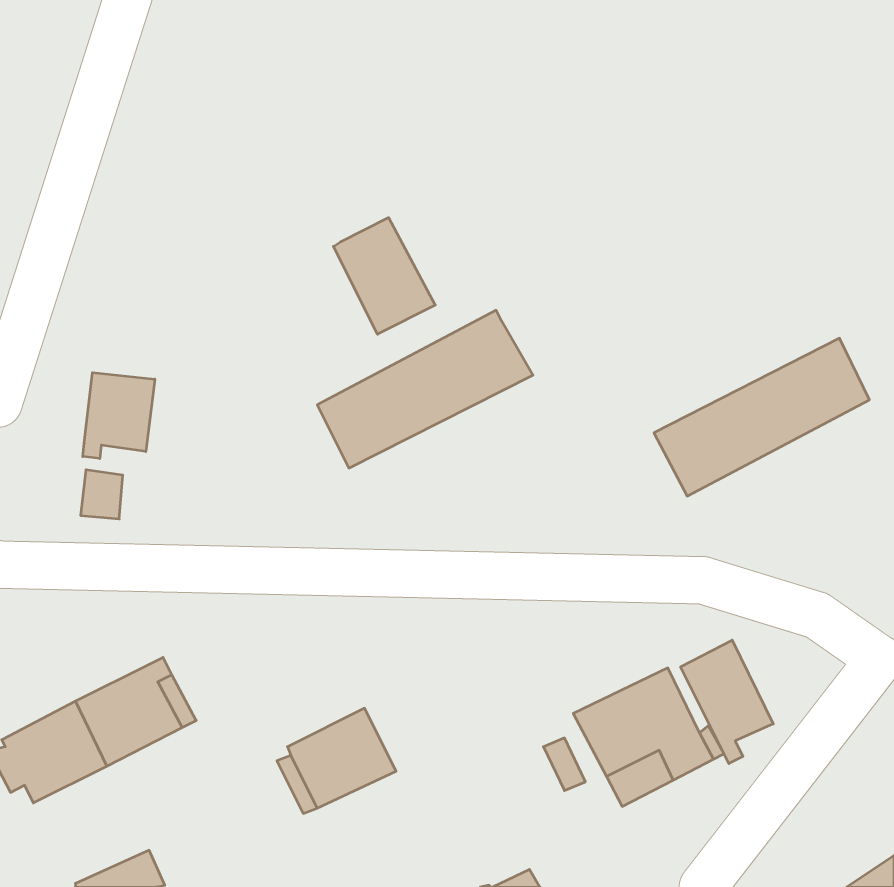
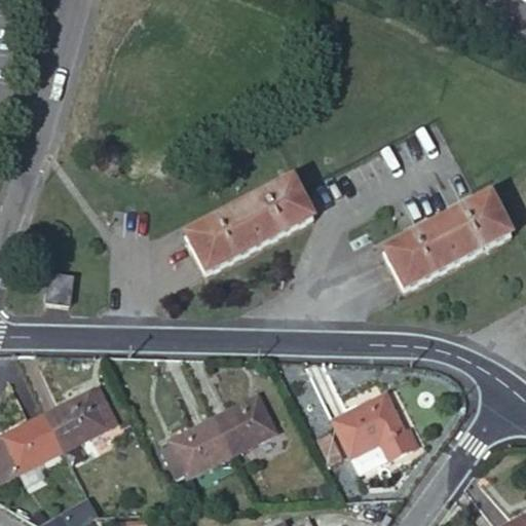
building: [333,218,435,334] -> none
building: [83,373,155,459] -> none
building: [681,640,773,764] -> none
building: none -> [214,394,276,452]

